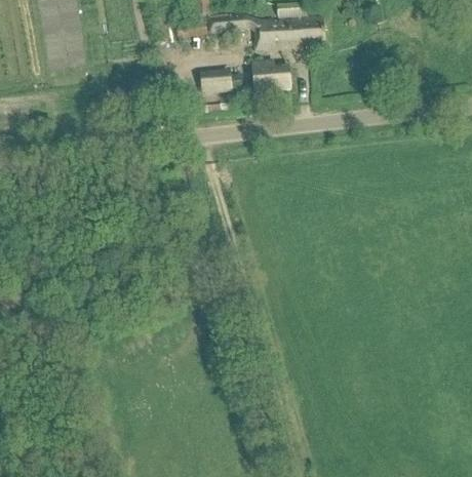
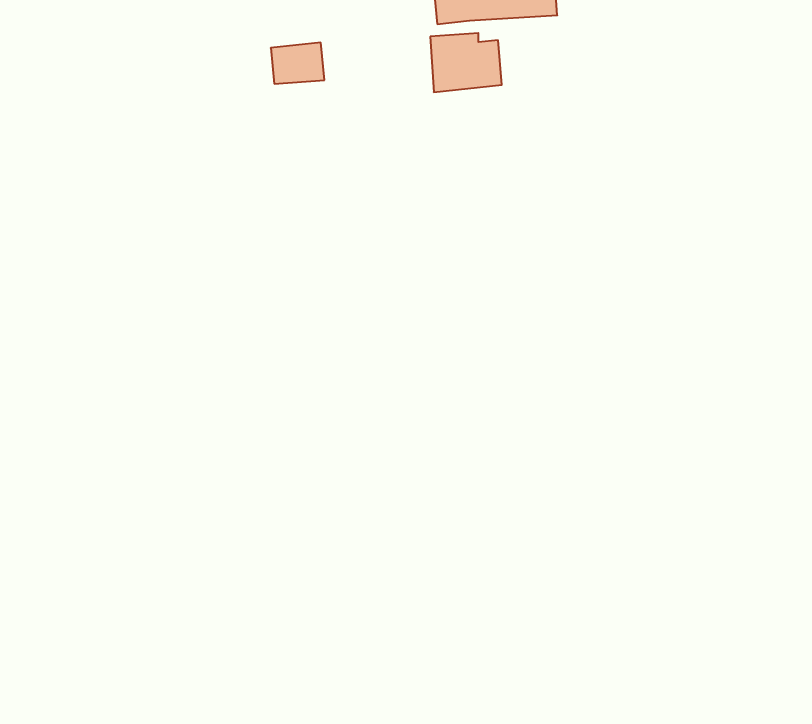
building: [201,71,232,94] -> [271,43,324,84]

